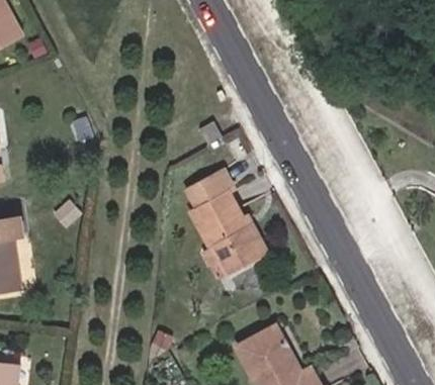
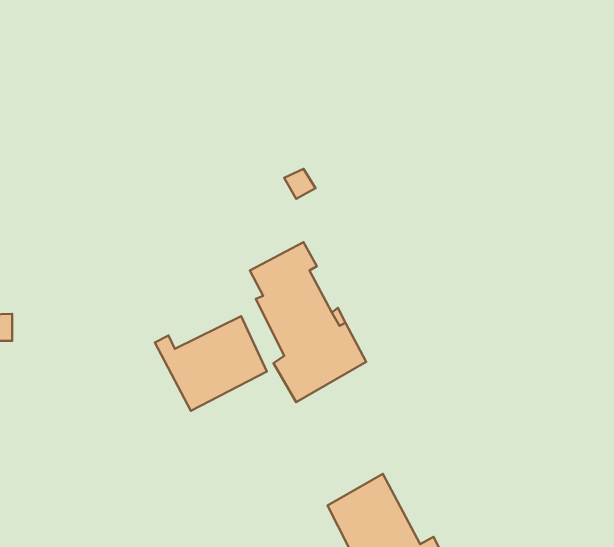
building: none -> [155,316,267,411]

